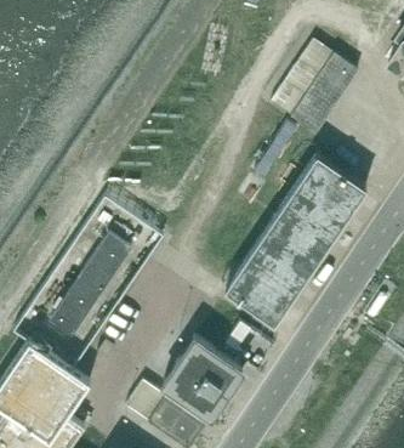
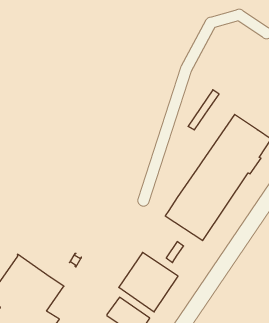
building: [269,41,357,134] -> none
building: [50,234,131,336] -> none
building: [125,381,164,421] -> none

